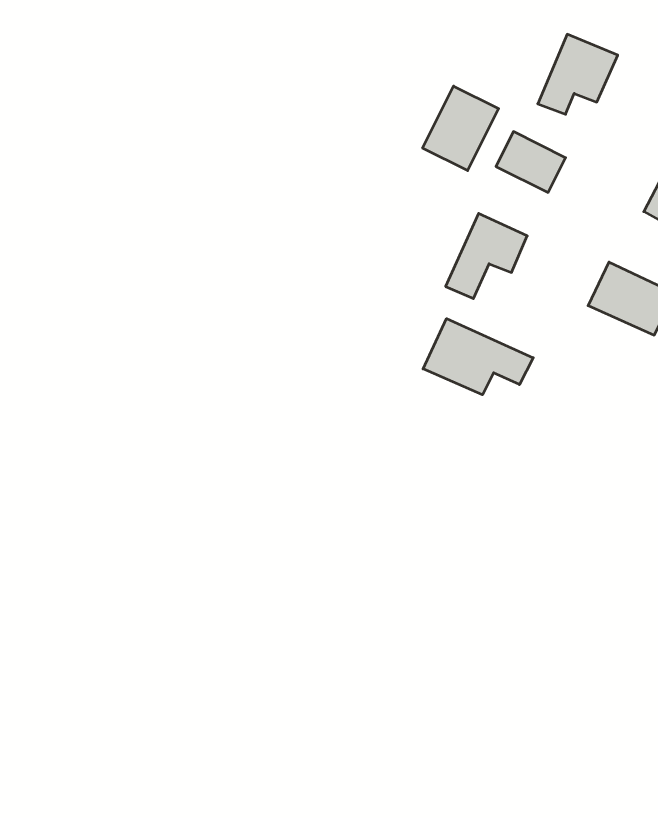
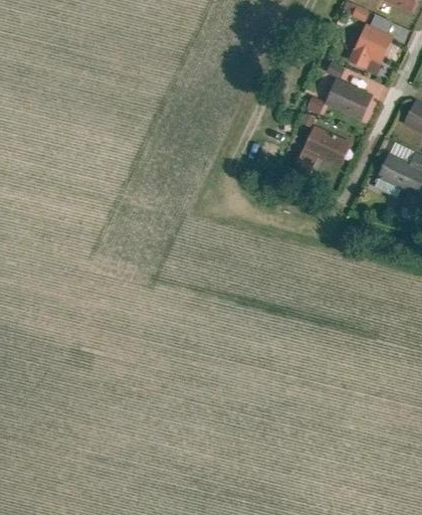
building: [423,86,499,171] -> none
building: [423,319,533,395] -> none

